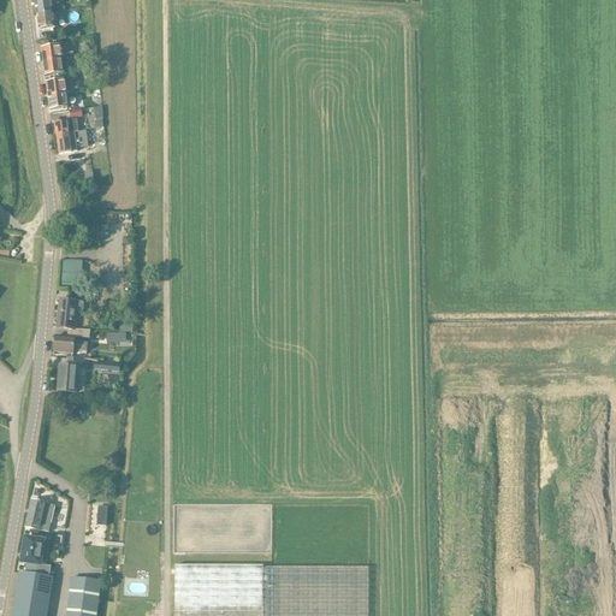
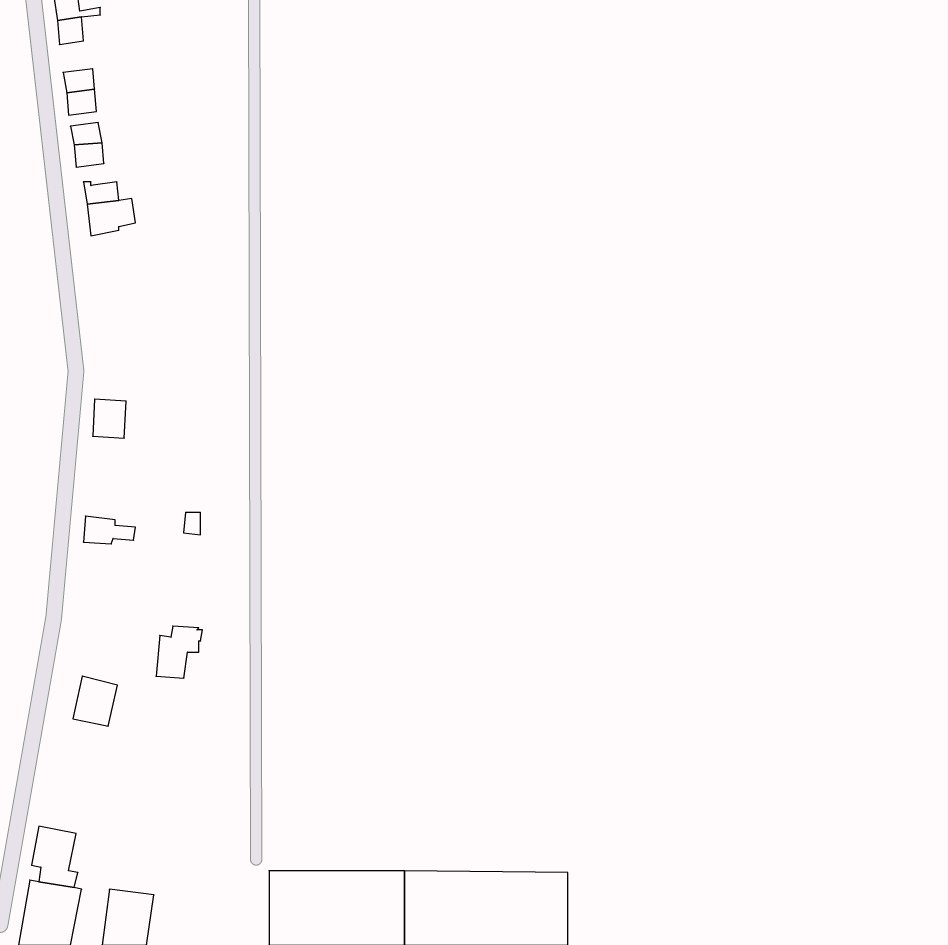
building: [57,297,90,337] -> none
building: [57,357,87,391] -> [156,626,202,678]
building: [25,498,54,531] -> [73,676,117,726]

